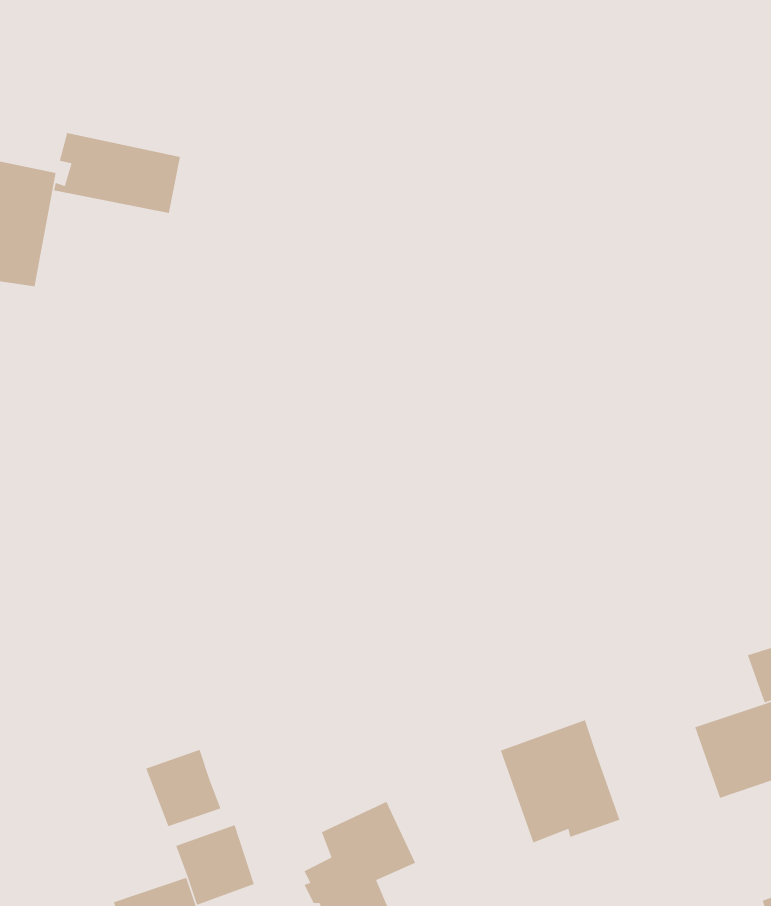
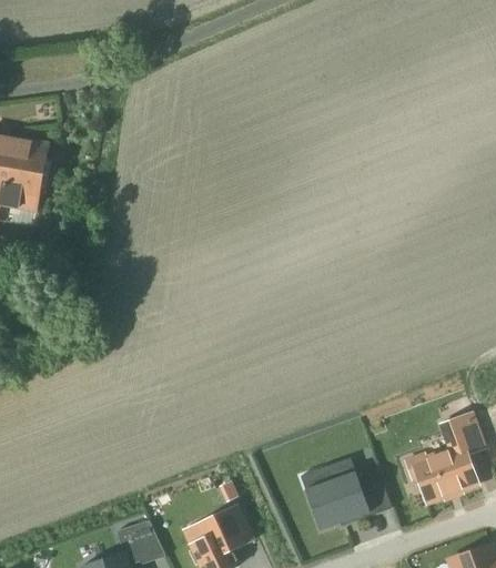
building: [53,132,181,214] -> none
building: none -> [356,470,389,516]
building: [145,749,221,827] -> none

